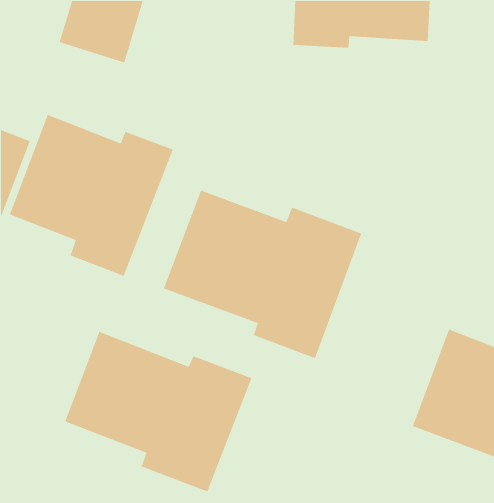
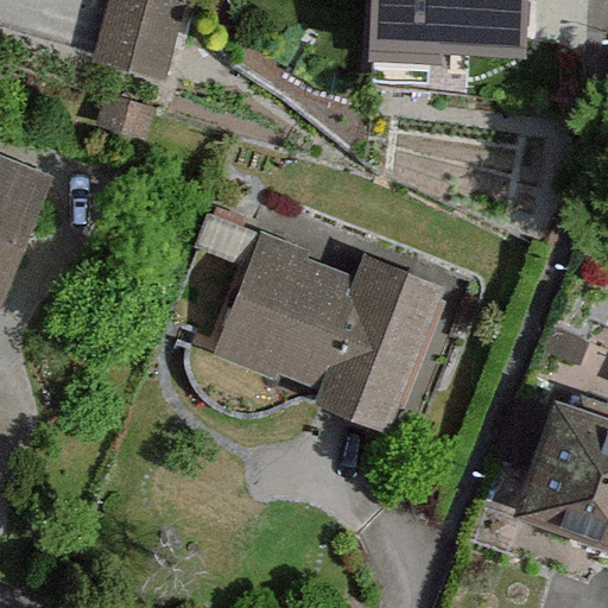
building: [9,114,174,277] -> none
building: [64,331,253,493] -> none

